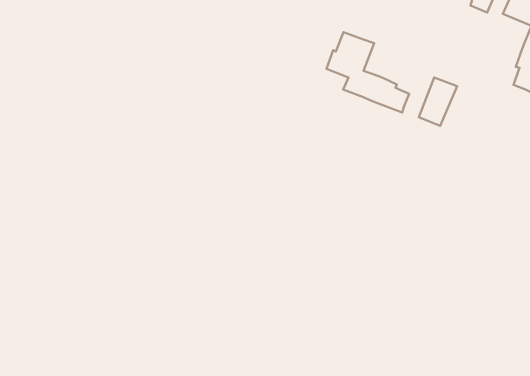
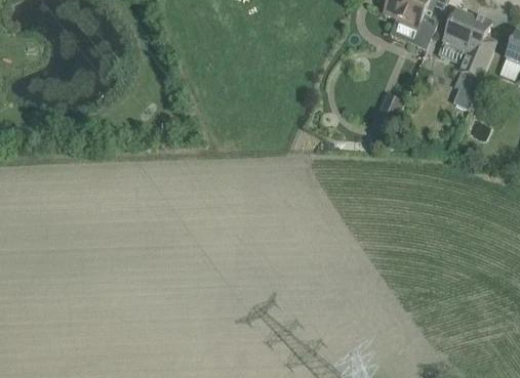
building: [326,32,409,112] -> none

